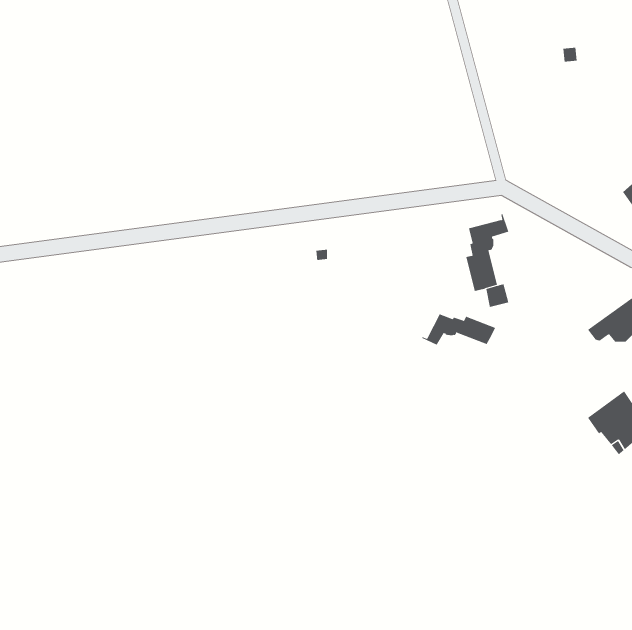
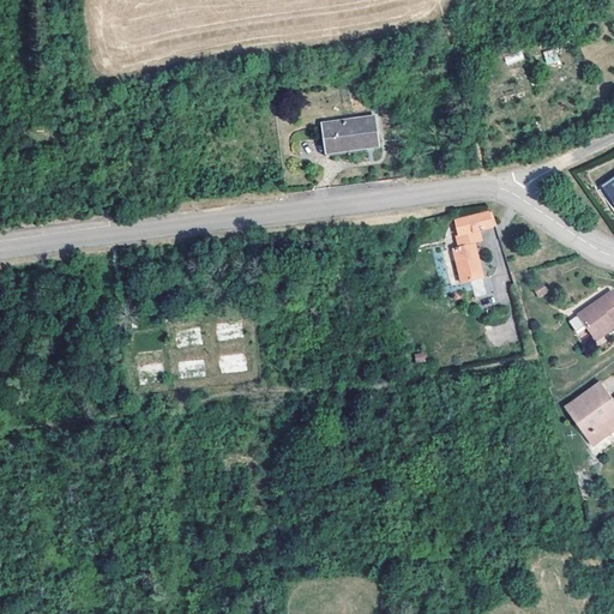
building: none -> [317,116,371,152]
building: [421,313,496,346] -> none

